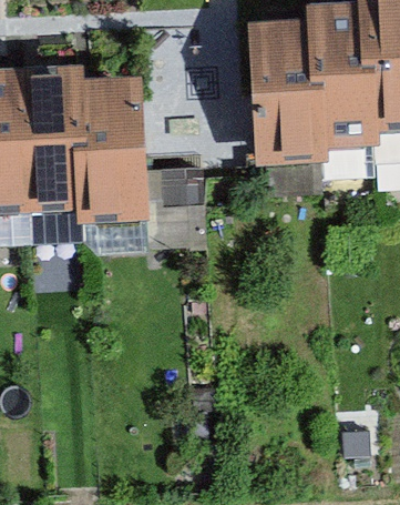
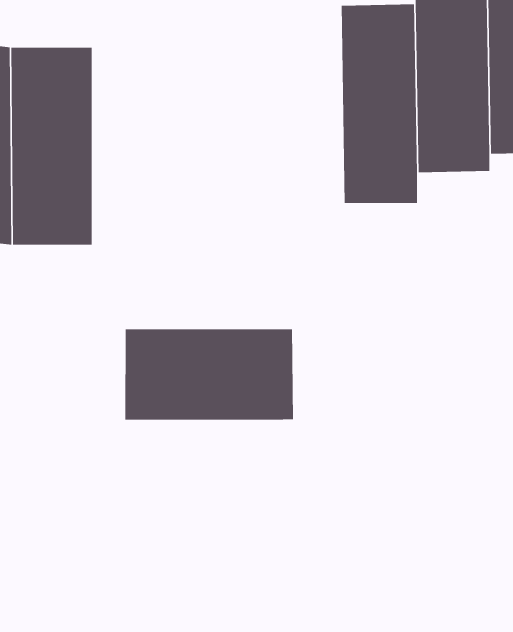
building: [71,81,142,222] -> none
building: none -> [125,329,294,420]

